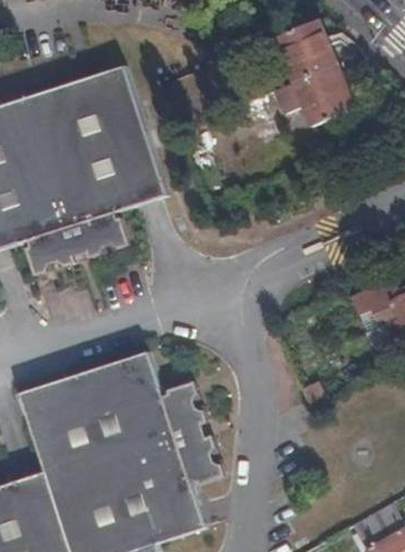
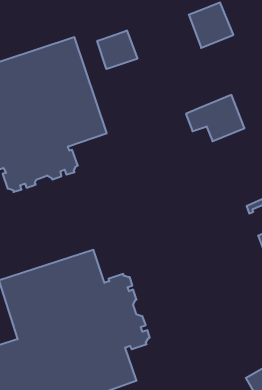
building: none -> [97,30,137,69]
building: [273,63,352,126] -> [186,95,245,141]

